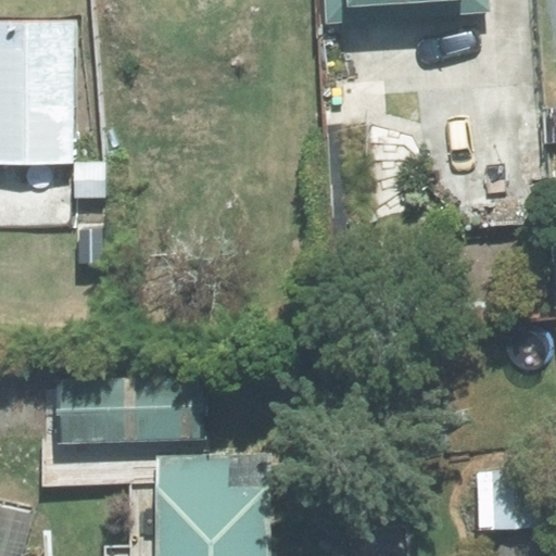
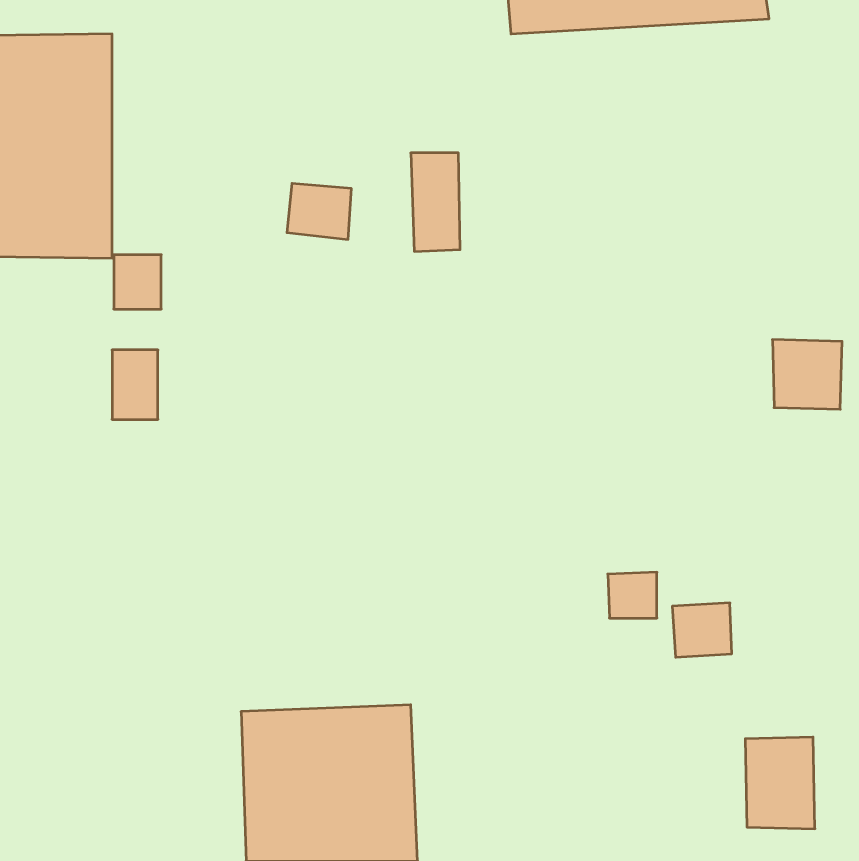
building: [59,372,203,444] -> none

